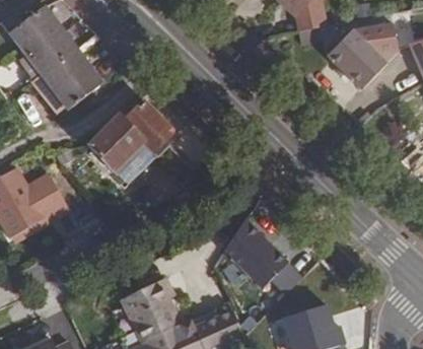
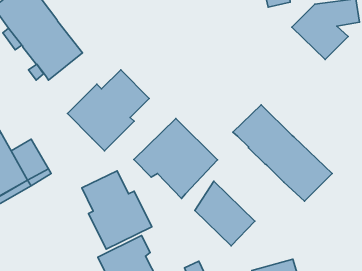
building: none -> [233,105,332,201]
building: none -> [134,118,217,198]
building: none -> [82,171,152,249]

